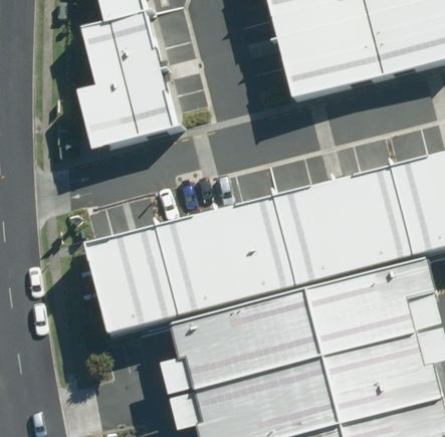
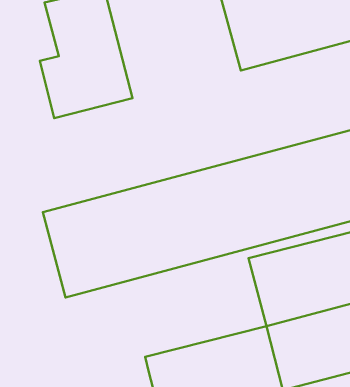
building: [173,294,318,398] -> none

